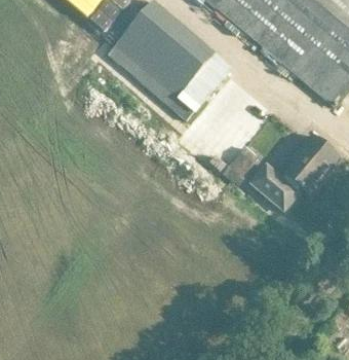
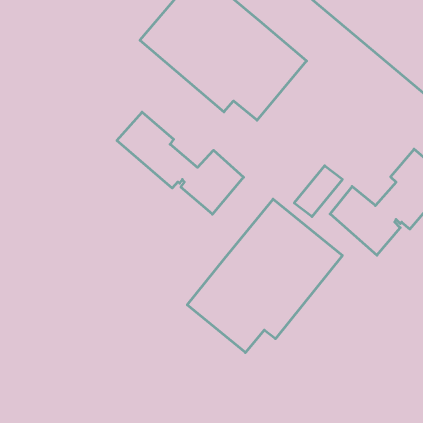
building: none -> [117,112,244,214]
building: none -> [187,199,342,353]

